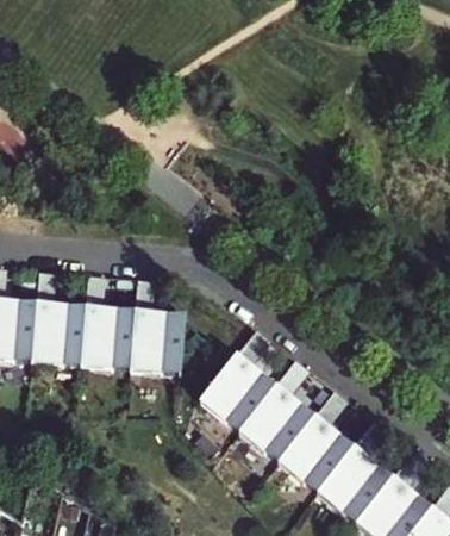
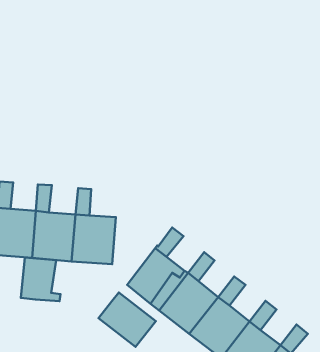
building: none -> [21,258,60,301]
building: none -> [99,292,156,347]

